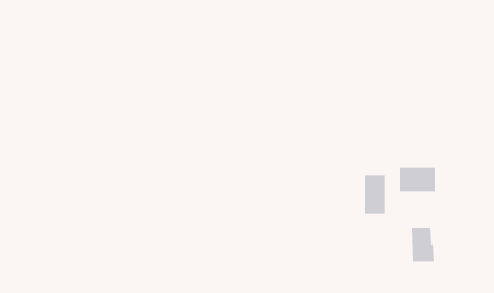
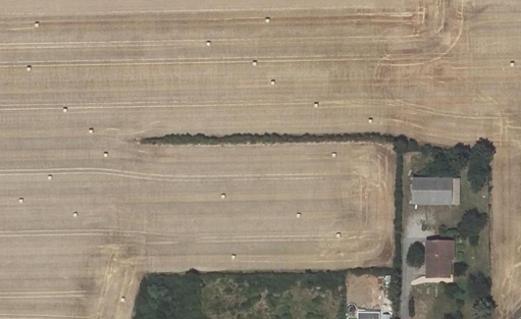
building: [365,175,385,214] -> none

